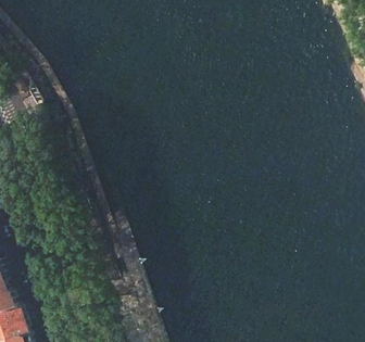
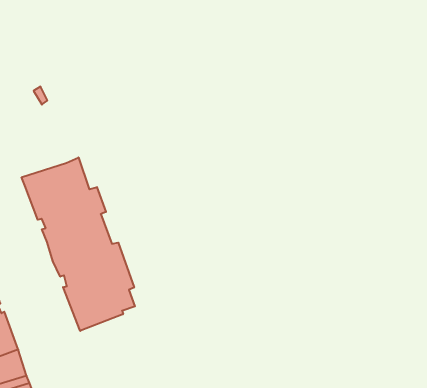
building: none -> [22,157,135,331]

